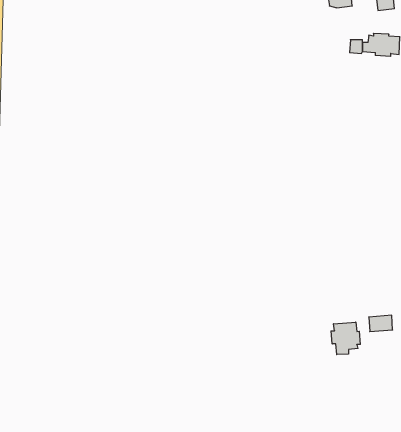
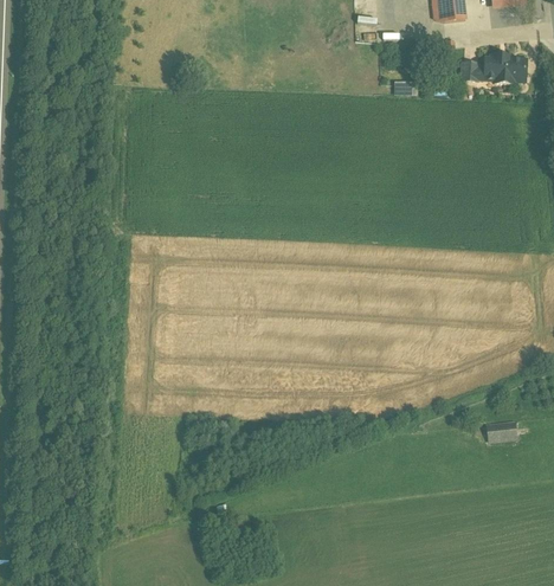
building: [331,322,360,355] -> none

